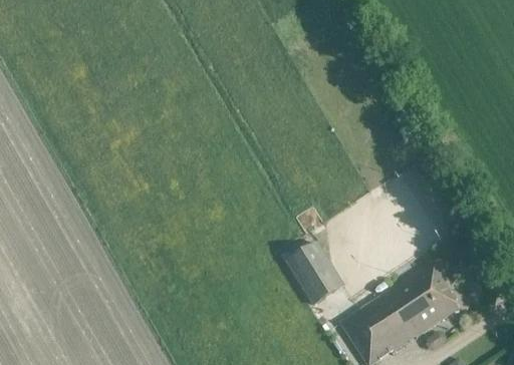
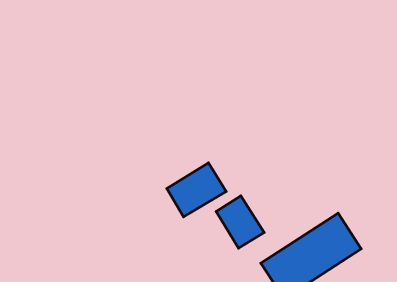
building: none -> [167,163,226,217]

